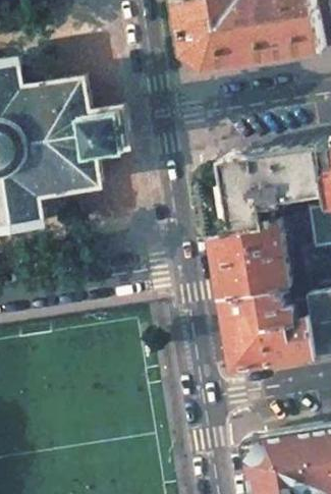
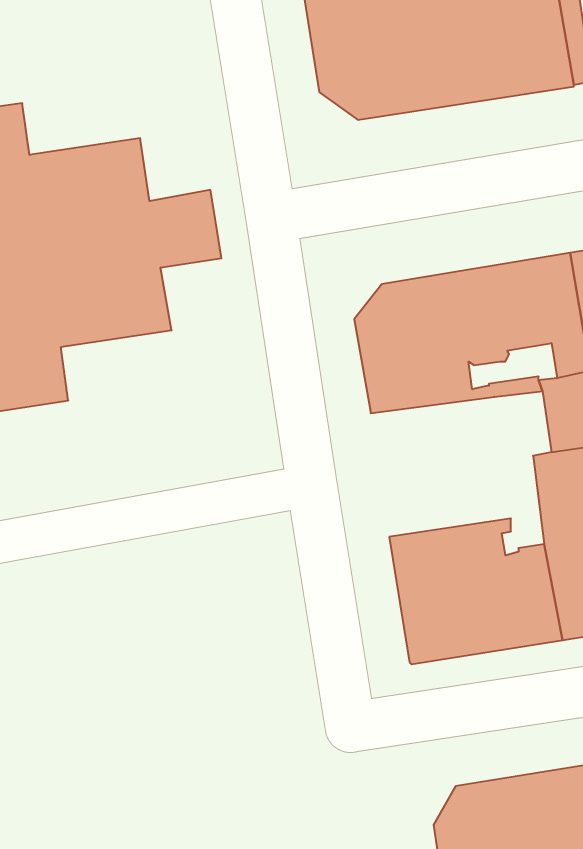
building: [213,225,307,303] -> none

